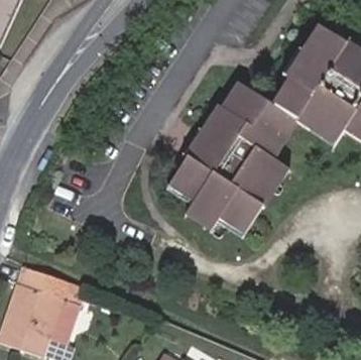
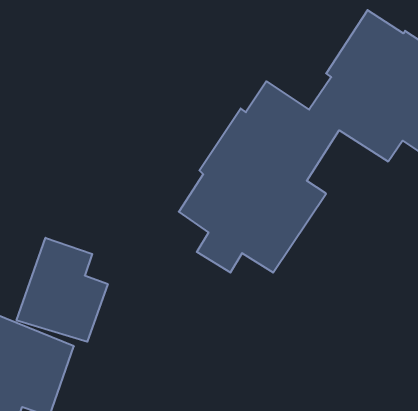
building: none -> [17,238,108,342]

